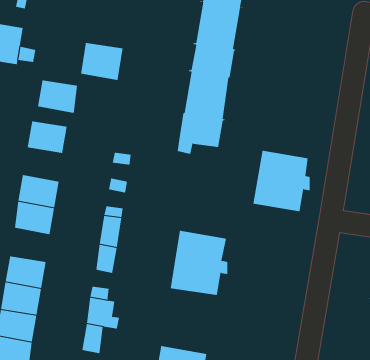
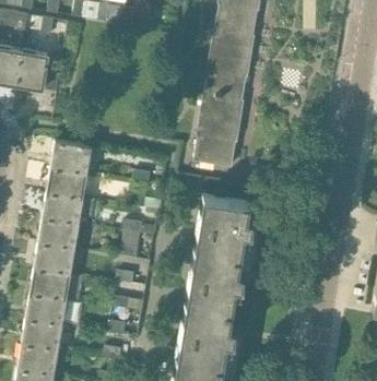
building: [81,42,123,81] -> none
building: [37,80,78,114] -> [47,172,85,204]
building: [253,150,311,212] -> [195,200,249,258]
building: none -> [35,248,73,279]
building: none -> [177,305,232,366]

